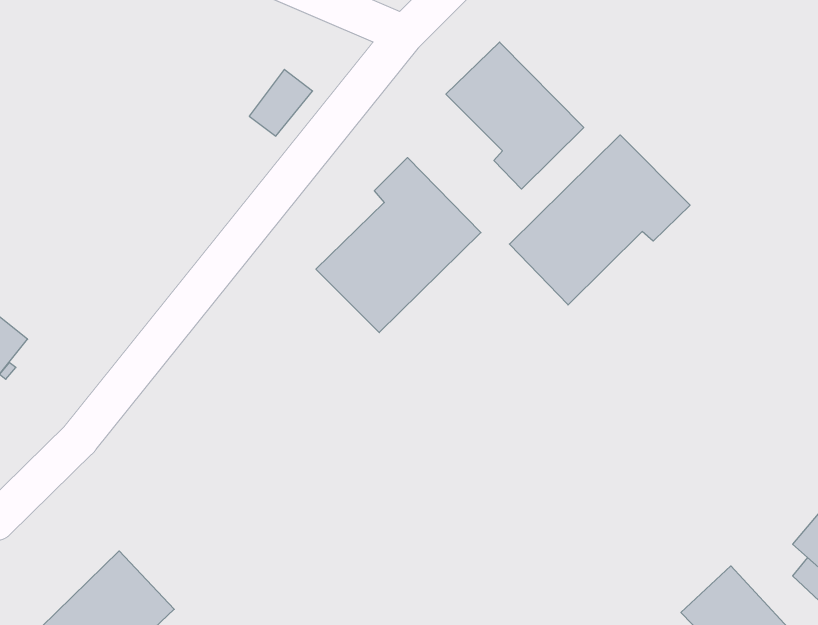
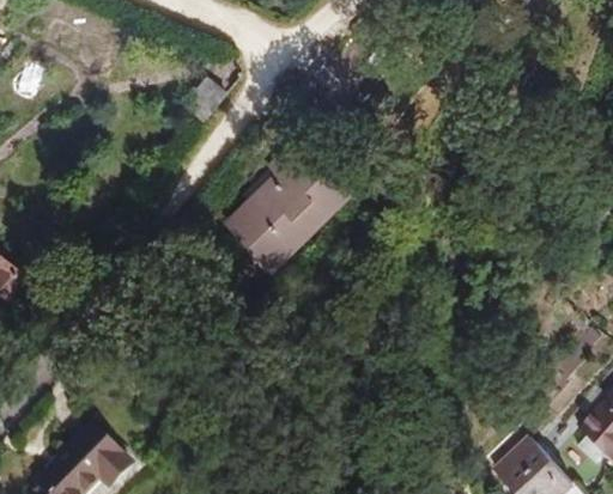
building: [446,42,584,189] -> none
building: [509,135,690,305] -> none

